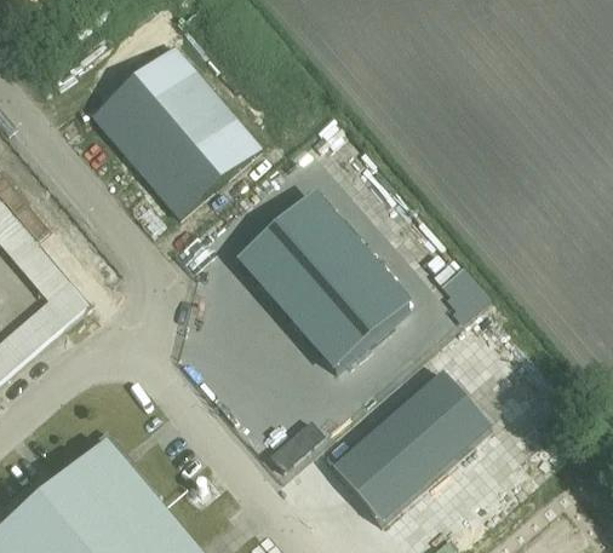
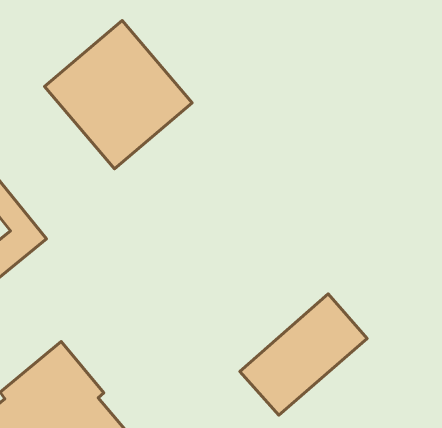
building: [237,195,408,371] -> none

